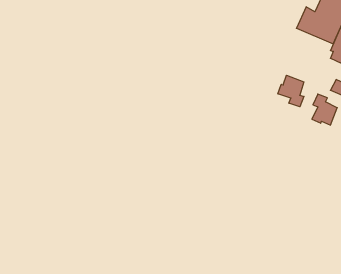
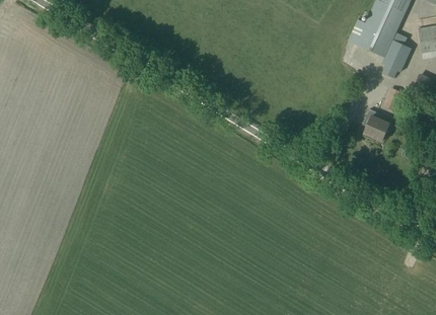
building: [278,75,304,107] -> none

